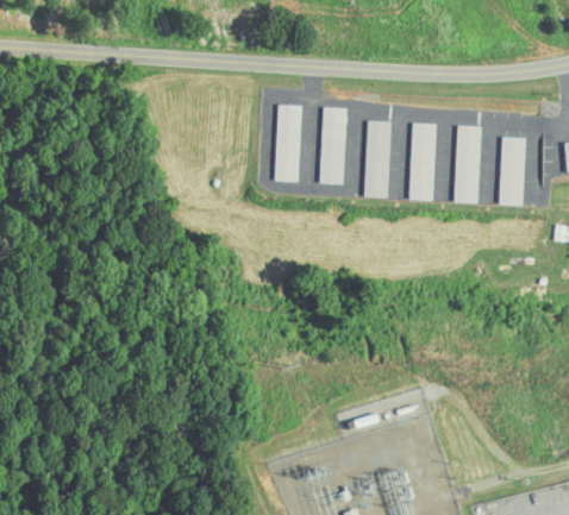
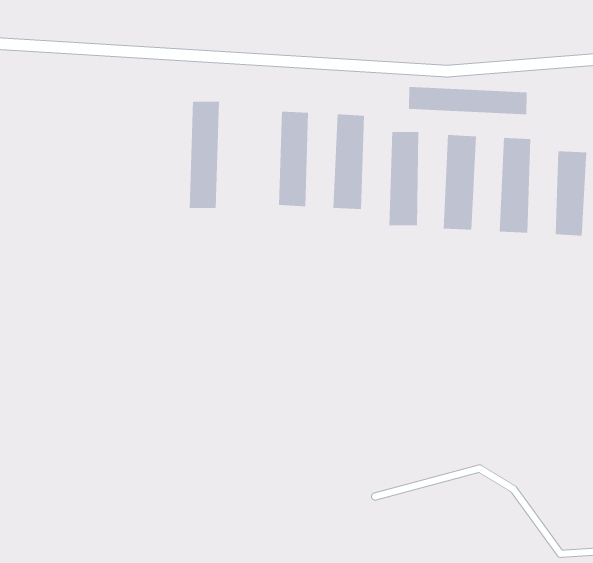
building: none -> [409,86,527,115]
building: none -> [189,101,220,209]

